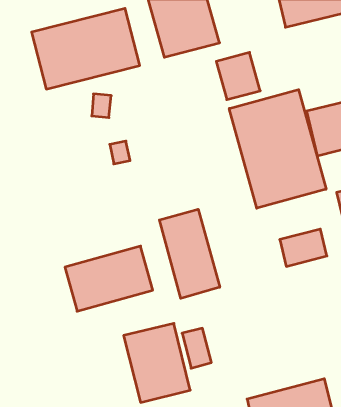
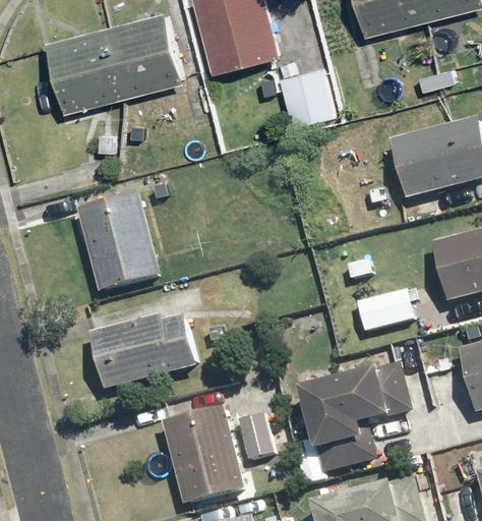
building: [229,90,326,208] -> none
building: none -> [76,191,160,292]
building: [159,209,220,298] -> none
building: none -> [295,363,410,471]

